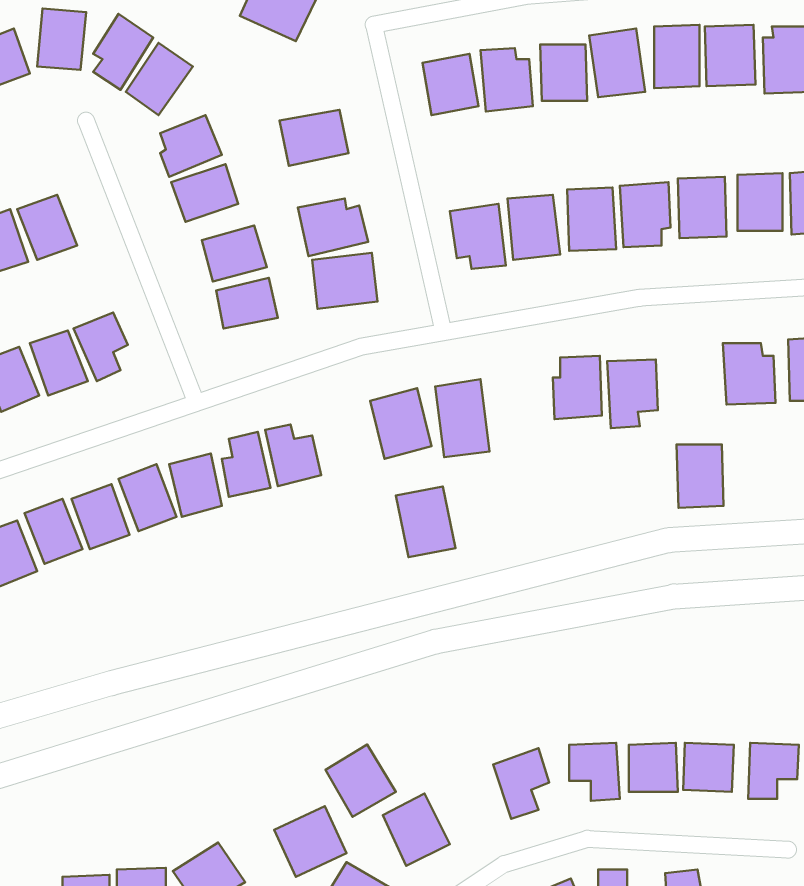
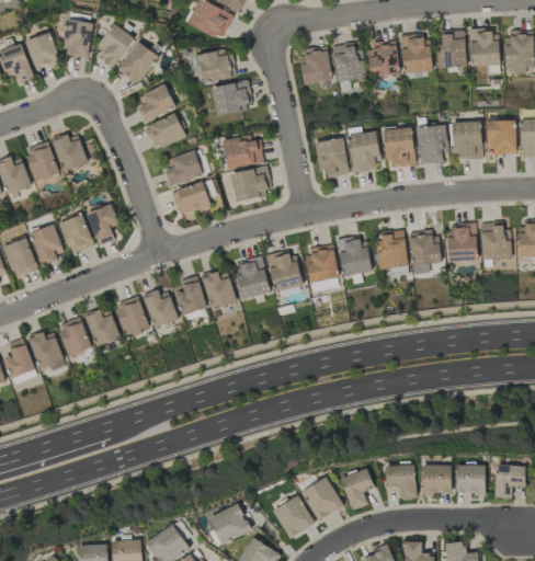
building: none -> [198,50,235,82]
building: none -> [337,237,371,276]
building: [677,444,724,508] -> [447,224,476,262]
building: [396,487,456,557] -> [234,256,270,299]
building: [325,745,396,817] -> [300,477,343,520]

